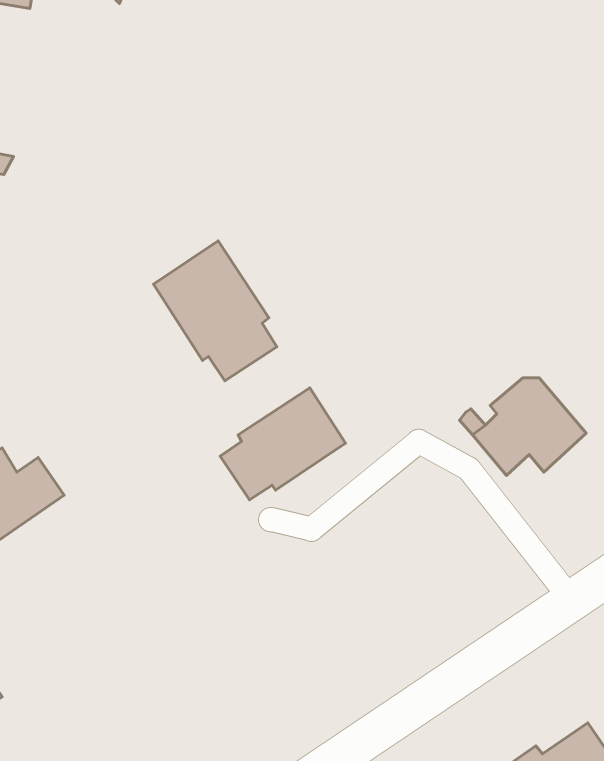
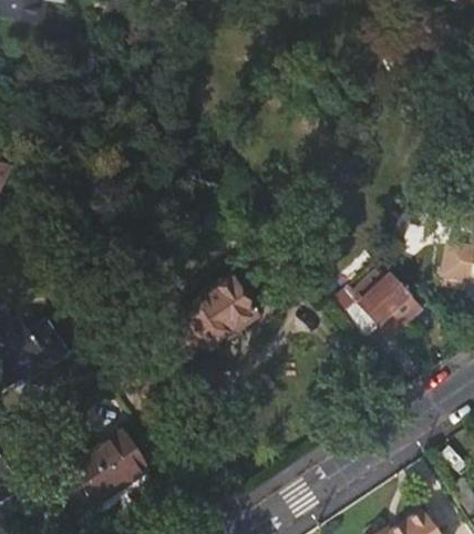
building: [154,241,277,381] -> none
building: none -> [76,431,154,506]

